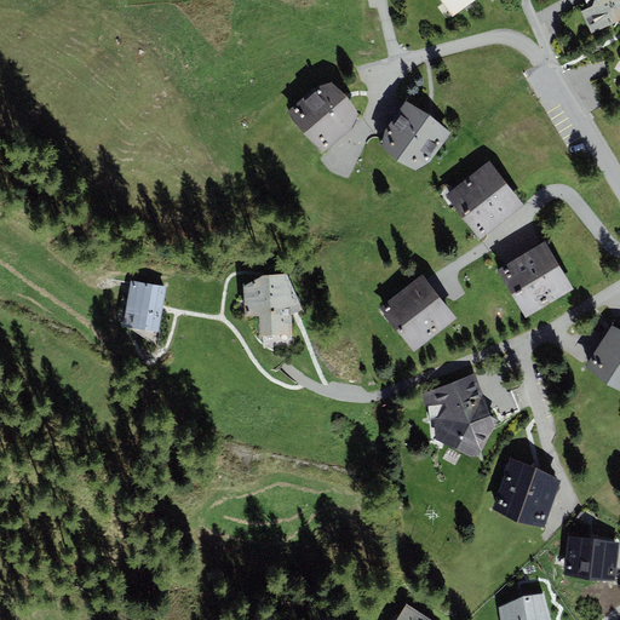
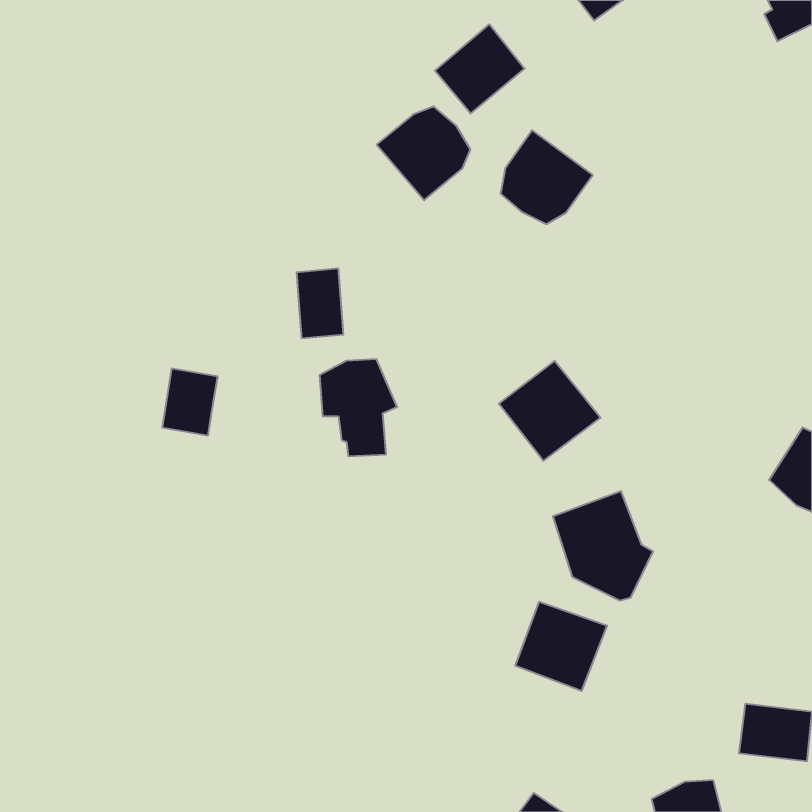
building: none -> [435,24,525,114]
building: [446,160,524,239] -> none
building: none -> [297,268,343,338]
building: [498,241,573,317] -> none
building: [492,460,562,528] -> [515,602,607,691]

